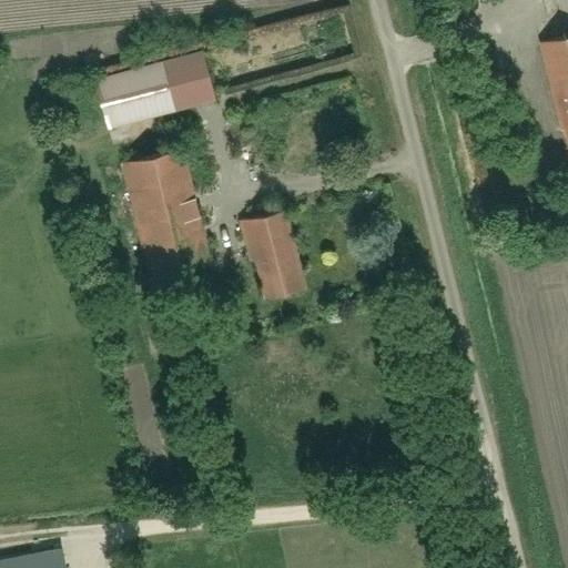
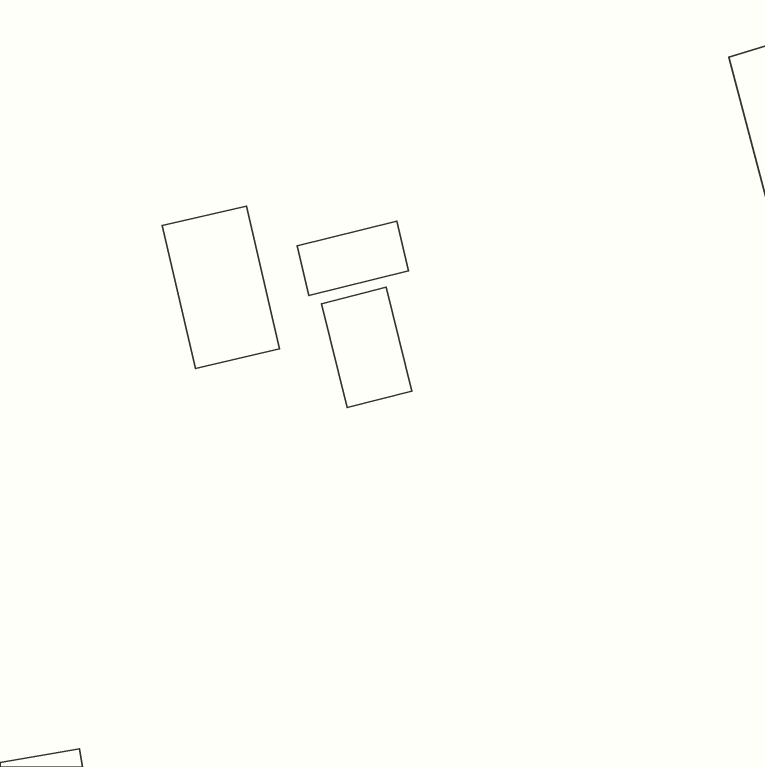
building: [95,55,216,125] -> none
building: none -> [297,221,409,296]

